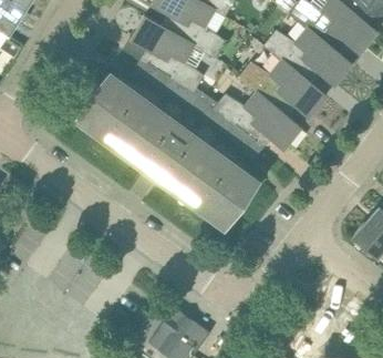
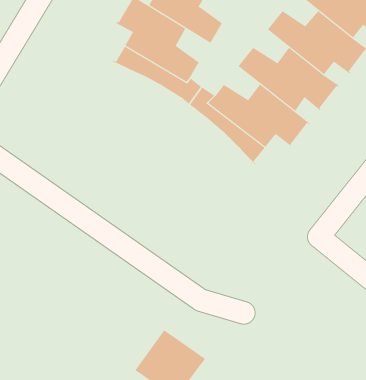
building: [85,76,257,219] -> none

